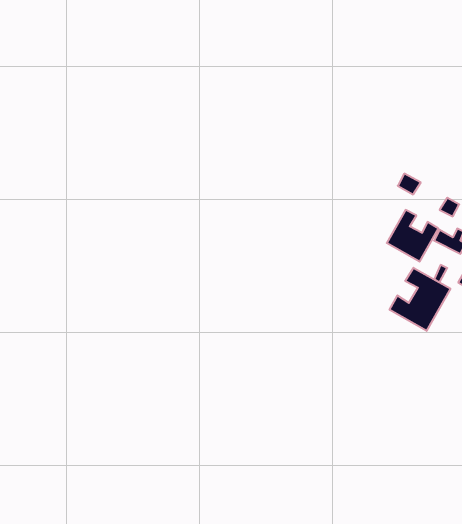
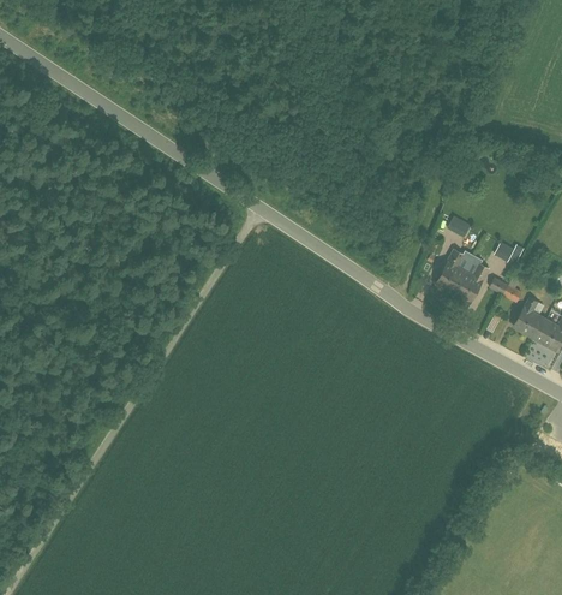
building: [390,268,450,331] -> none

